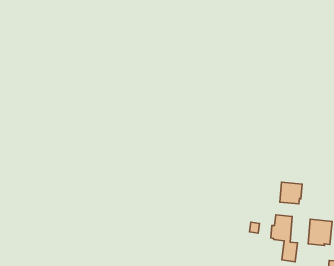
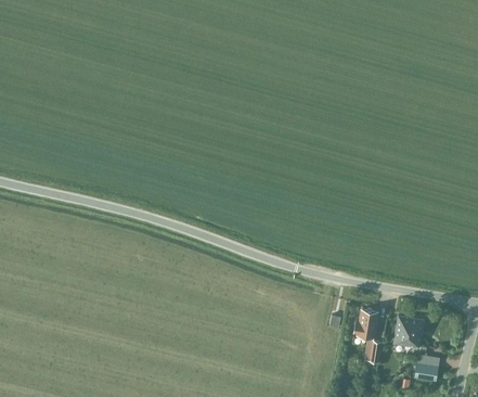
building: [280,182,302,204] -> none

